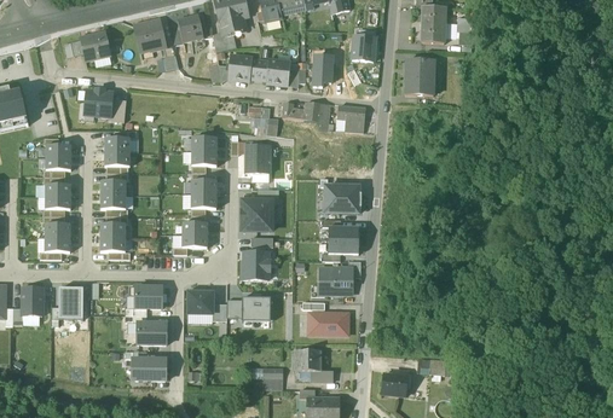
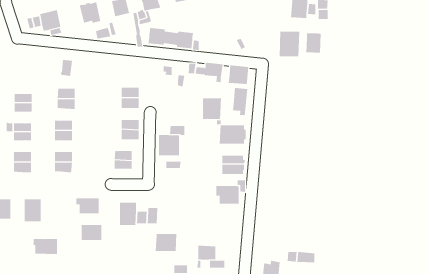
building: [352,35,375,60] -> none
building: [313,54,332,86] -> none
building: none -> [306,33,321,53]
building: [85,87,112,115] -> none
building: none -> [232,87,248,116]
building: [244,143,271,172] -> [202,98,222,119]
building: [242,250,270,278] -> none
building: [241,296,271,320] -> [155,234,177,251]
building: [308,312,347,333] -> none
building: [132,358,166,379] -> [33,239,58,255]

